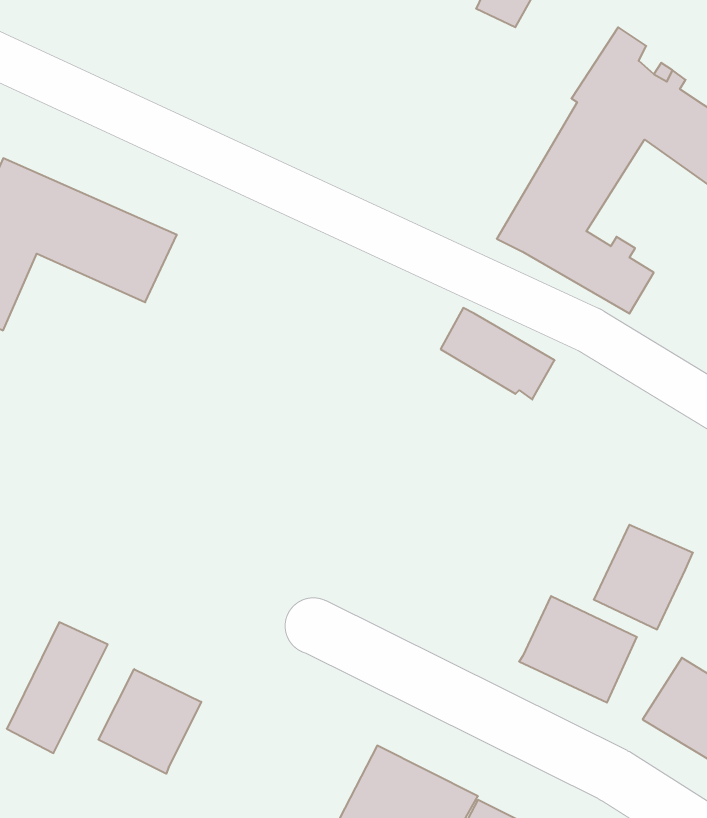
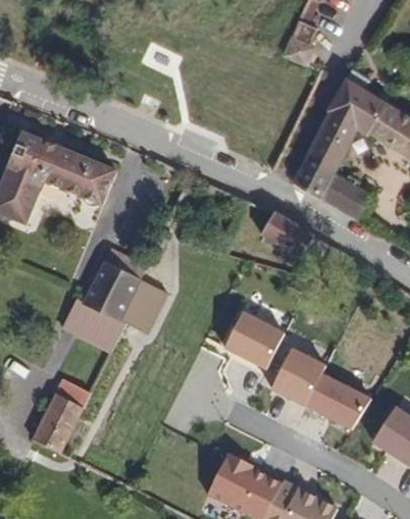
building: none -> [60,250,173,355]
building: none -> [221,313,280,369]
building: [594,525,693,629] -> [270,348,324,405]
building: [98,669,201,774] -> none

